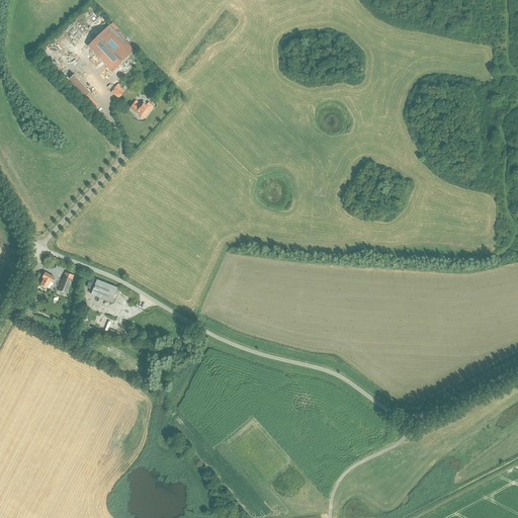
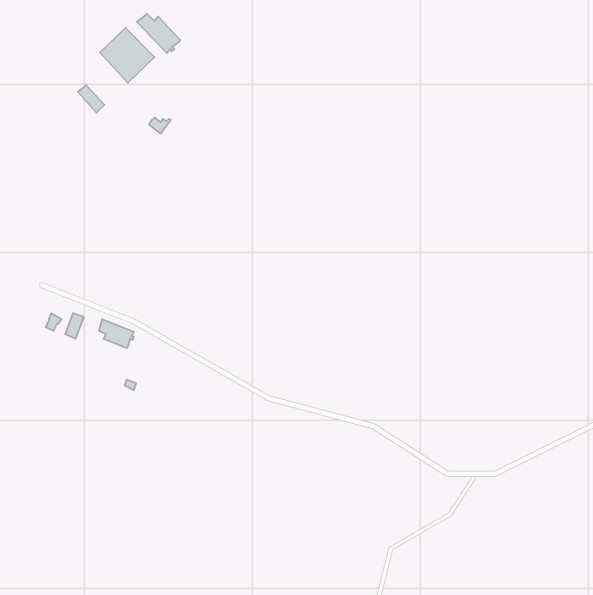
building: none -> [137,14,180,53]

